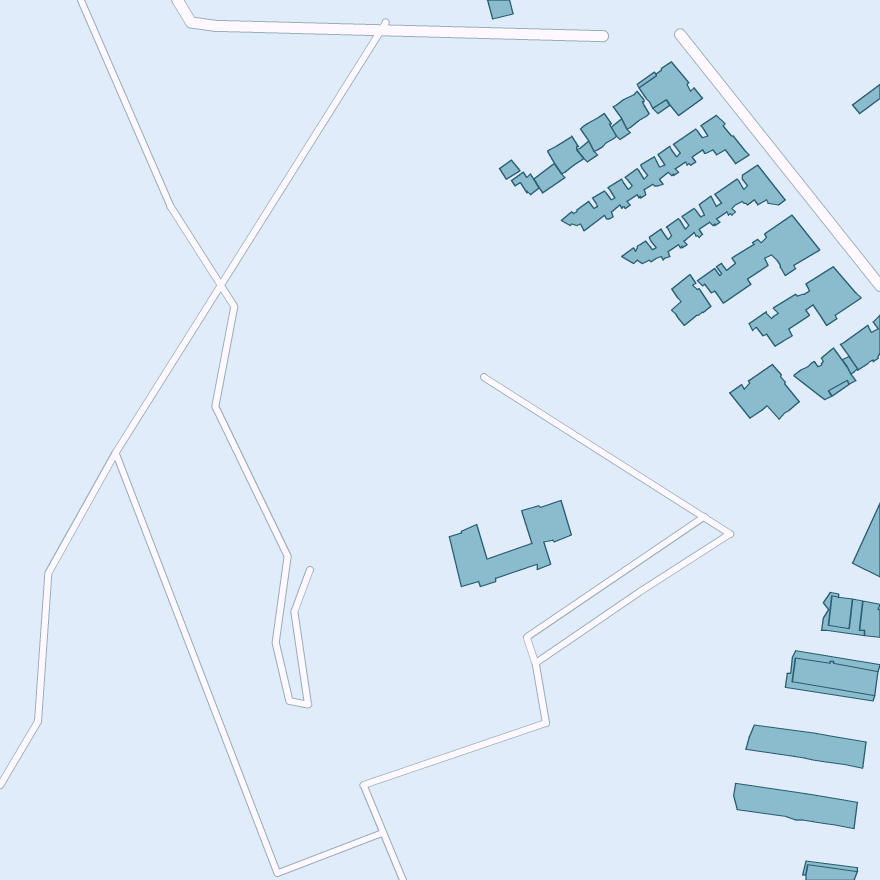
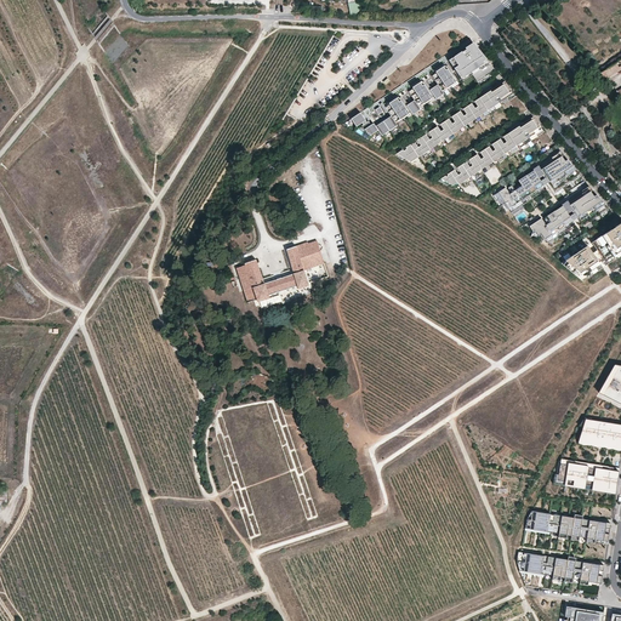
building: [672,275,711,325] -> none
building: [730,364,799,419] -> none
building: [449,501,571,587] -> [238,240,324,301]

